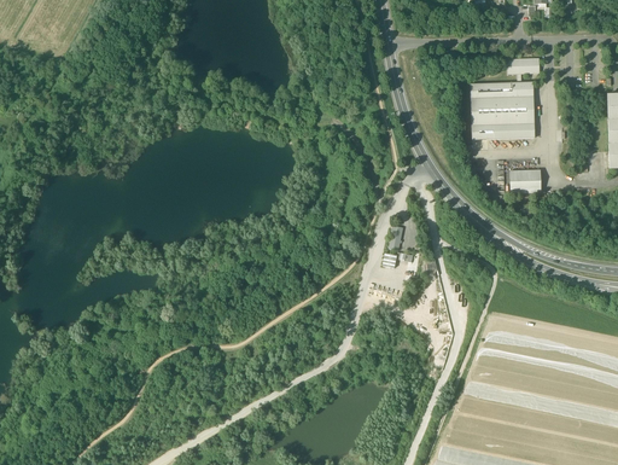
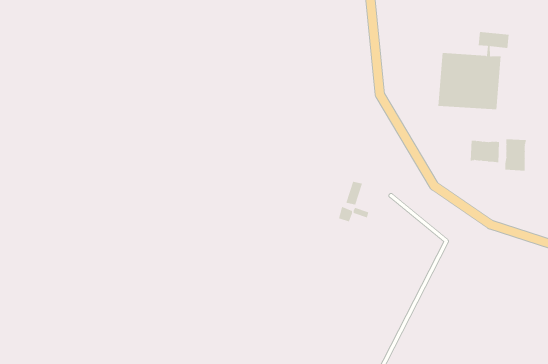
building: none -> [505,138,527,171]

